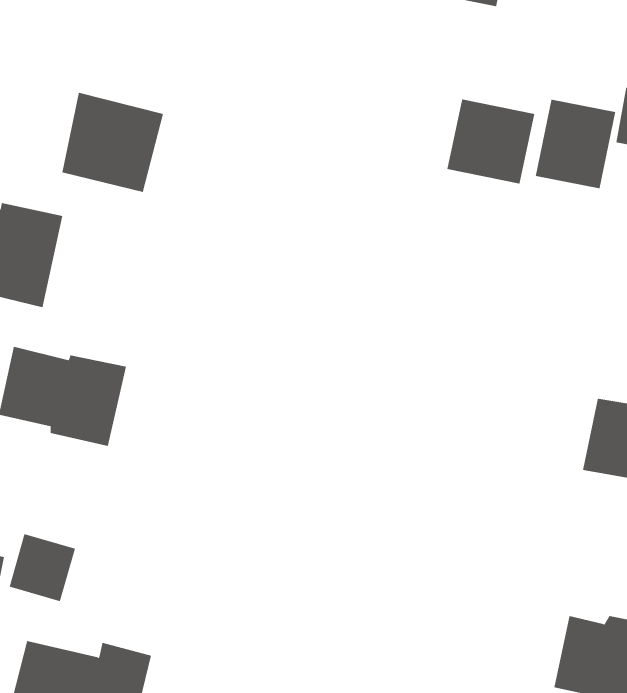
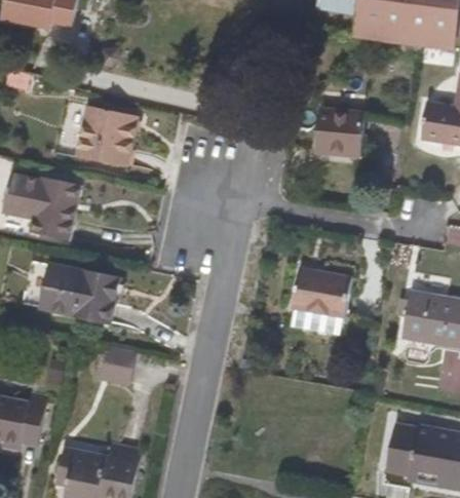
building: [535,99,616,189] -> none
building: none -> [296,268,353,319]
building: [9,533,76,602] -> [94,343,136,385]

